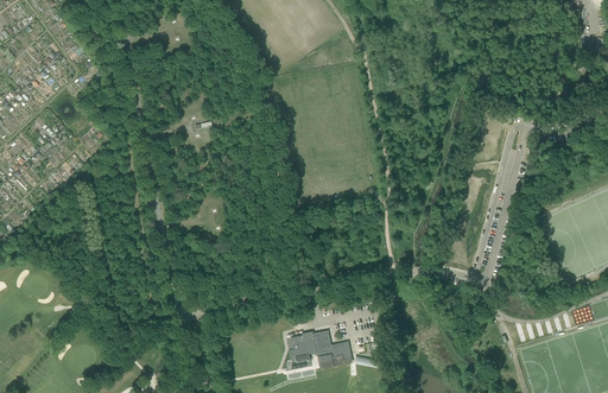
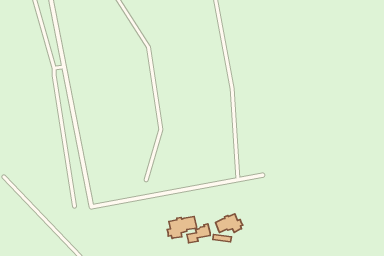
building: none -> [215,214,243,232]

